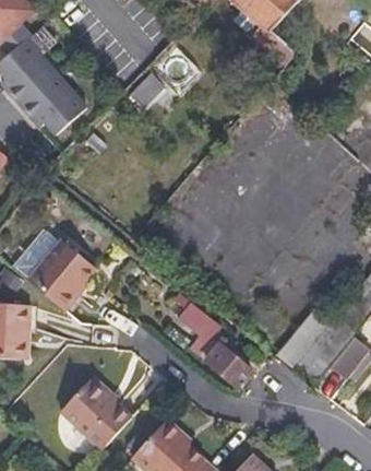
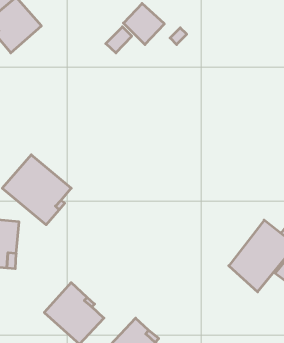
building: [21,74,86,134] -> none
building: [178,294,253,388] -> none

